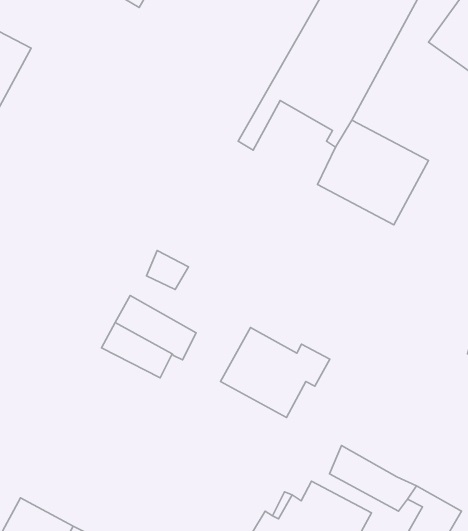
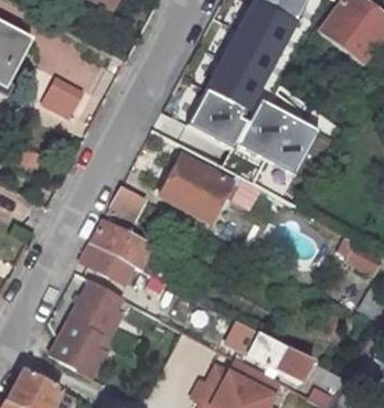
building: none -> [44,75,88,118]
building: none -> [193,78,254,140]
building: [220,328,330,418] -> [159,155,239,222]
building: none -> [50,279,117,377]

